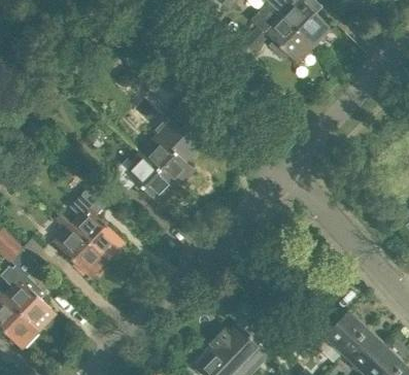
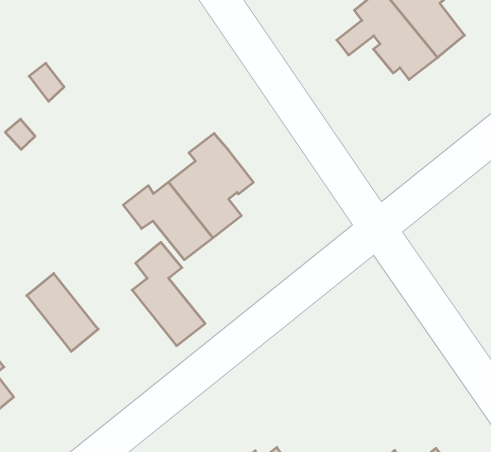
building: [72,191,125,260] -> [132,242,205,346]

